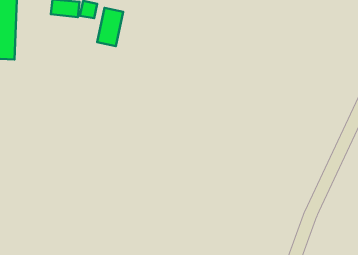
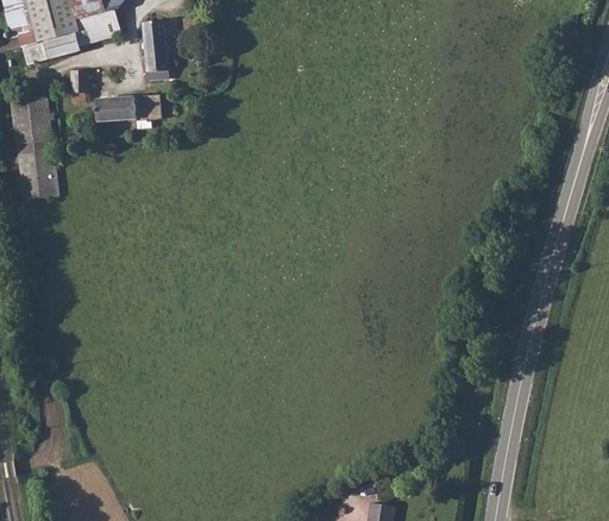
building: [97,8,123,46] -> none

